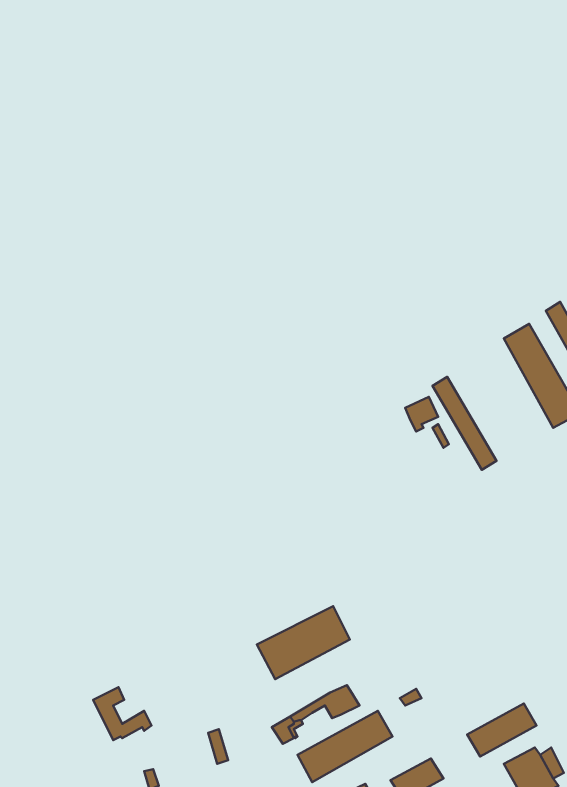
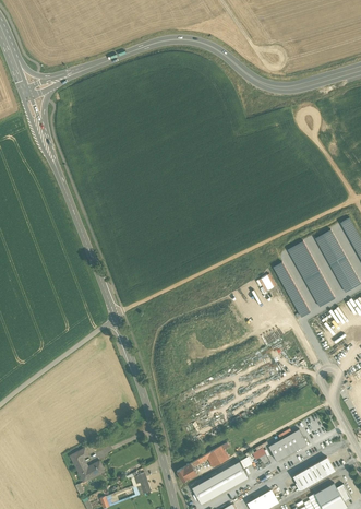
building: none -> [286,241,334,307]
building: [257,606,350,679] -> none
building: none -> [268,429,306,461]

